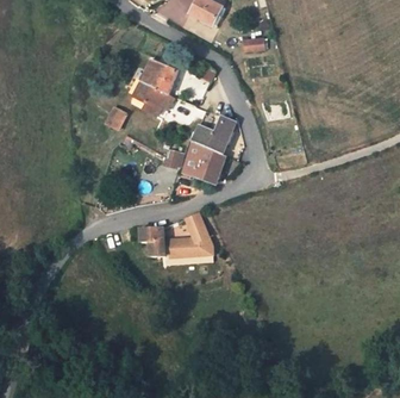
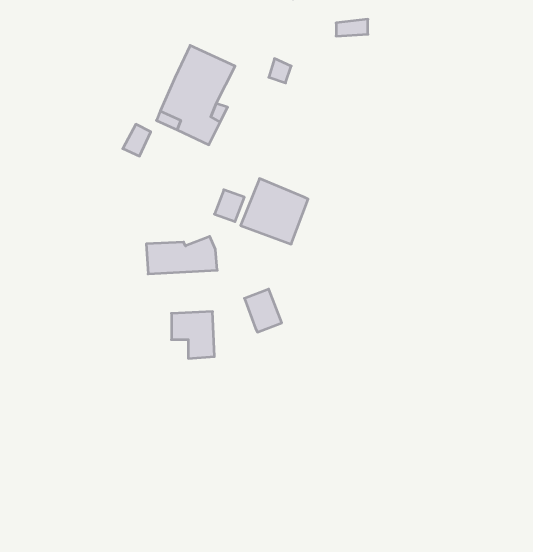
building: [194,114,236,154] -> none
building: [168,234,213,257] -> [146,236,217,274]

